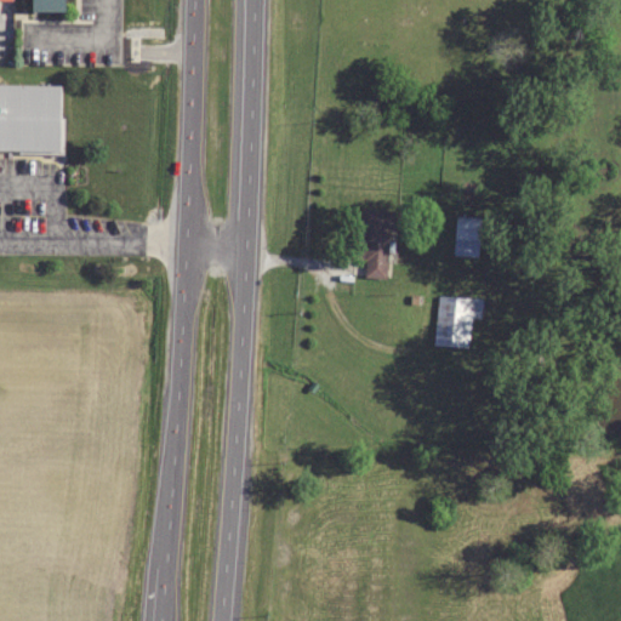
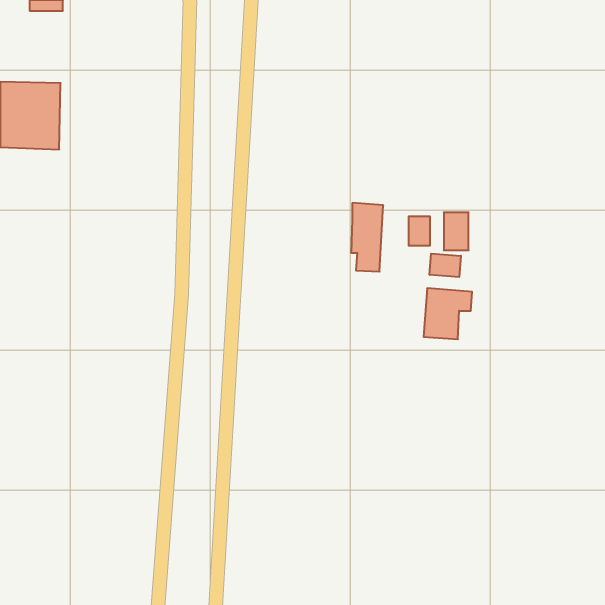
building: none -> [409,216,430,246]
building: none -> [430,254,461,277]

